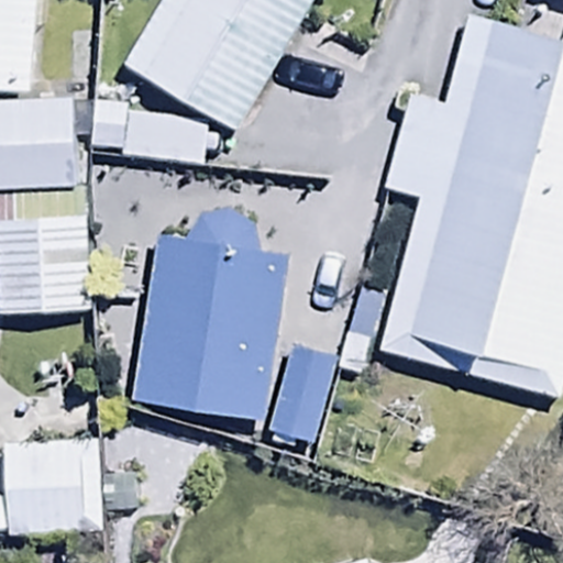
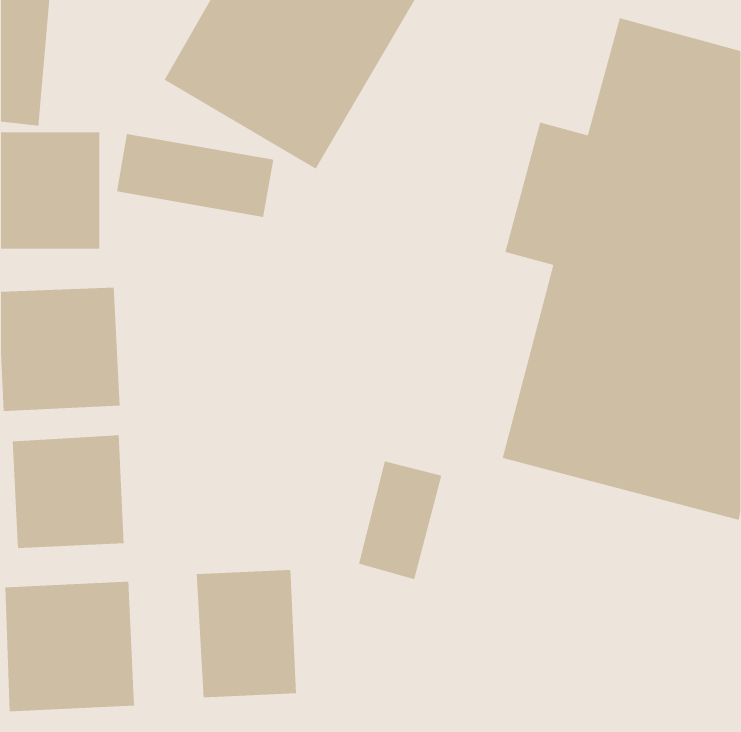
building: [136,200,289,418] -> none
building: none -> [12,435,124,549]
building: none -> [196,569,297,698]

